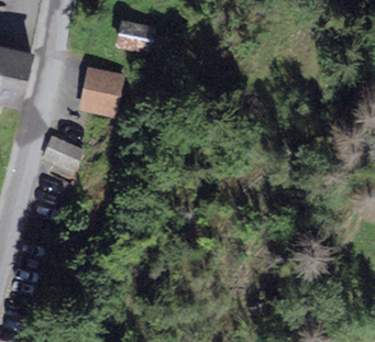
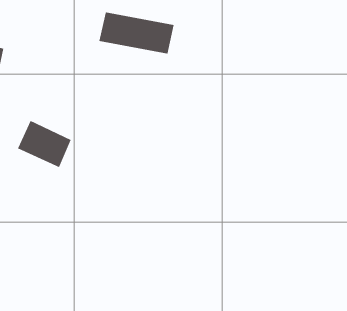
building: [81,67,136,121] -> none

